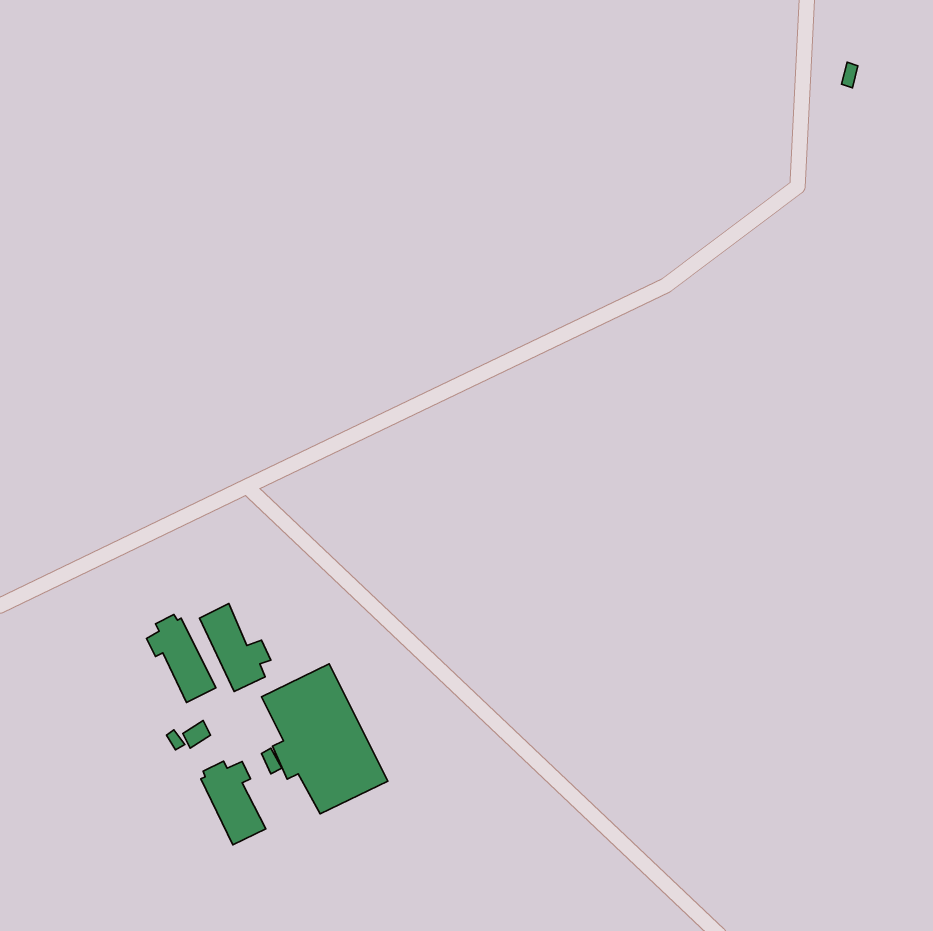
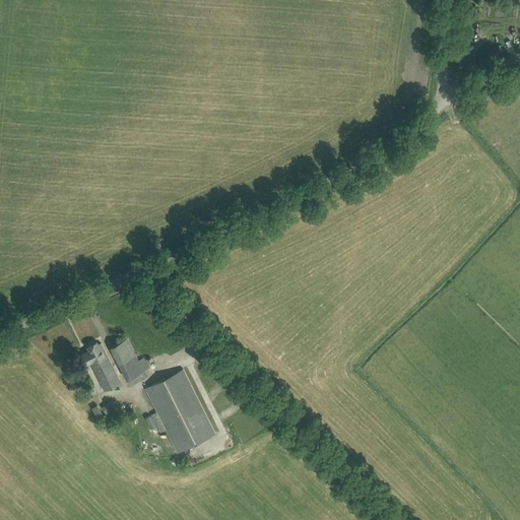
building: [201,761,266,845] -> none

